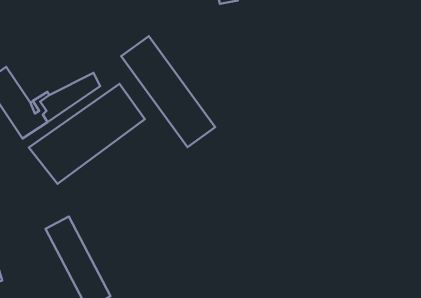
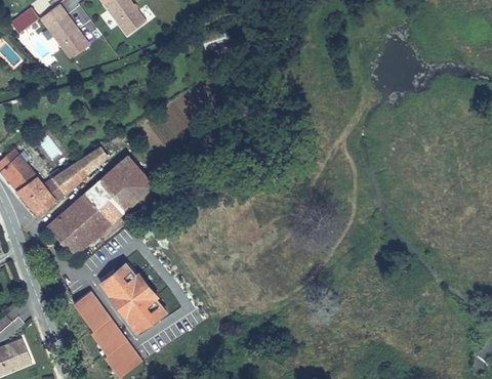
building: [121,36,215,147] -> none
building: none -> [95,260,169,334]

